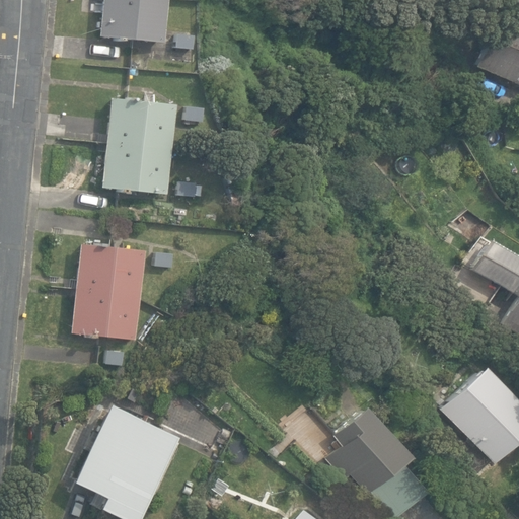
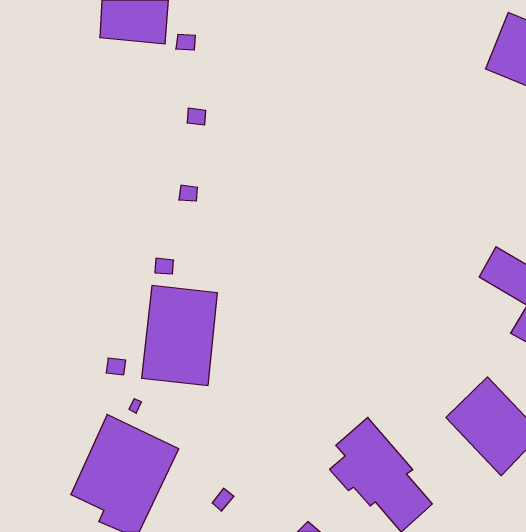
building: [103,97,177,195] -> none
building: [72,242,146,340] -> [142,286,217,385]

